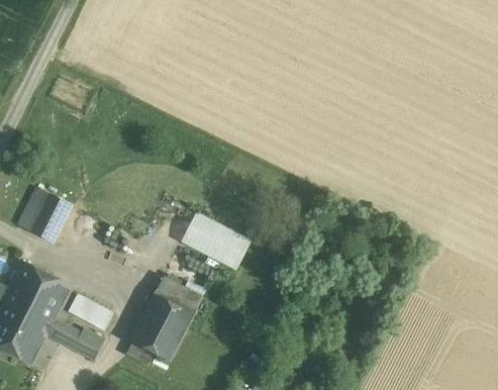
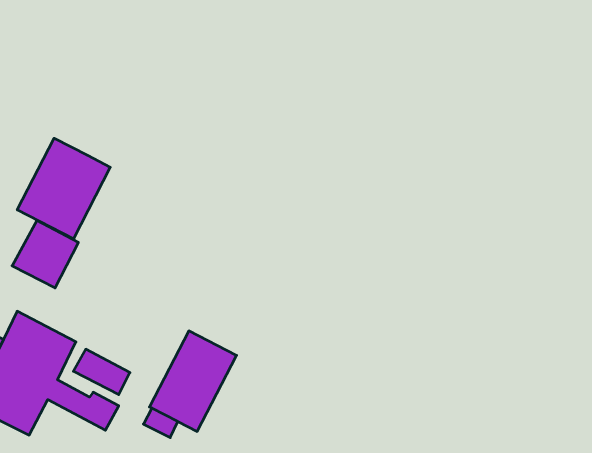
building: none -> [17,138,110,239]
building: [182,213,251,270] -> none

